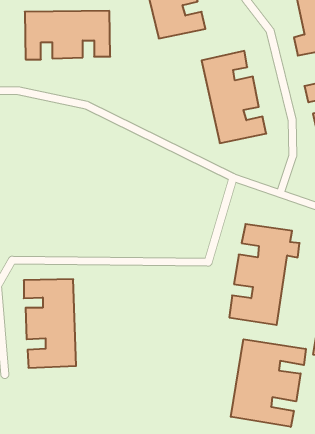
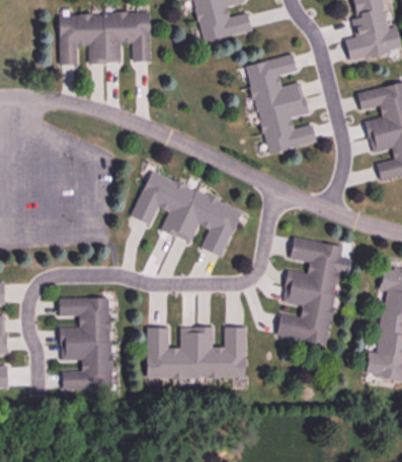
building: none -> [131,172,241,257]
building: none -> [147,328,246,379]
building: [231,339,306,427] -> none

